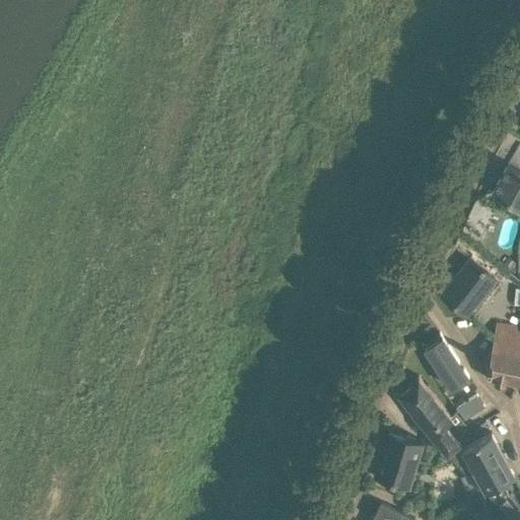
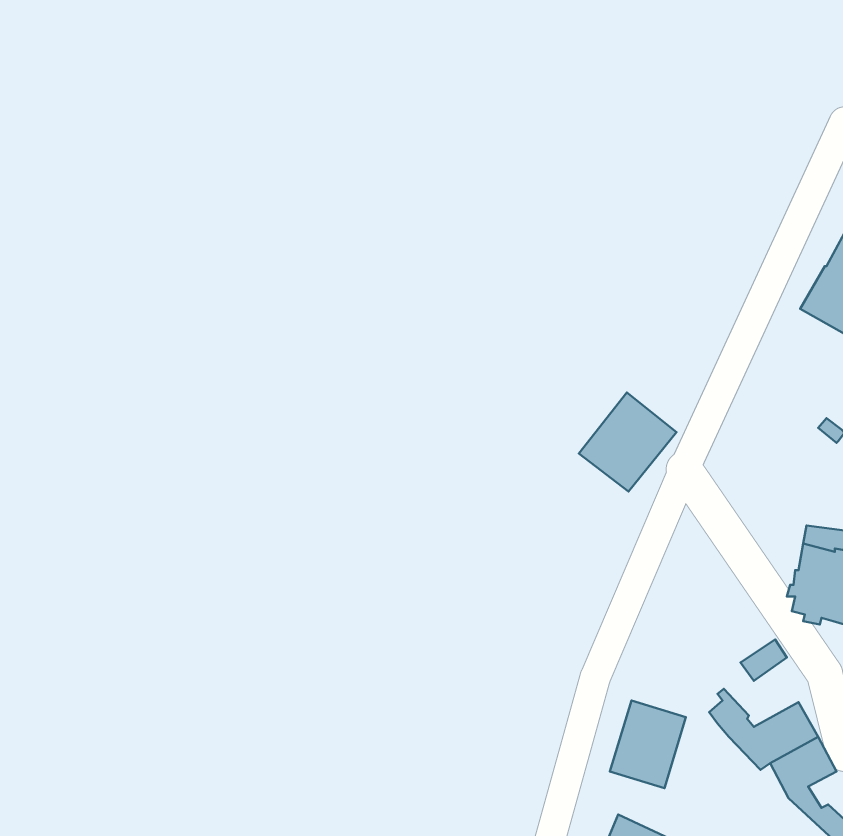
building: [442,261,502,322] -> [579,392,676,492]
building: [425,340,470,393] -> none
building: [399,381,452,443] -> none

